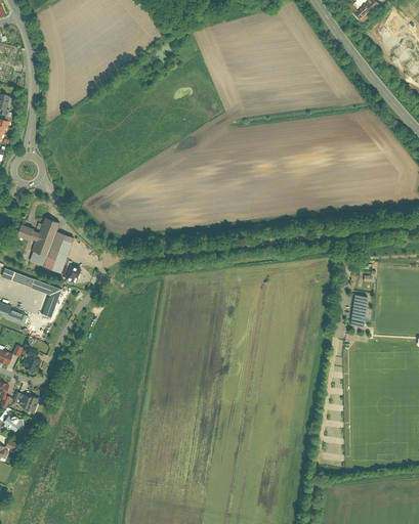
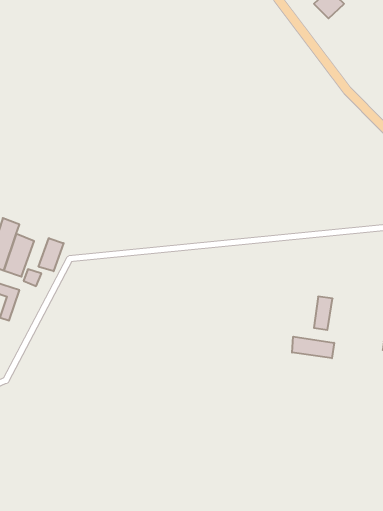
building: none -> [39,238,64,271]
building: none -> [292,337,334,358]

